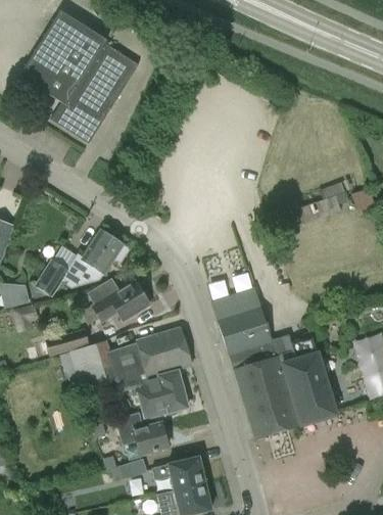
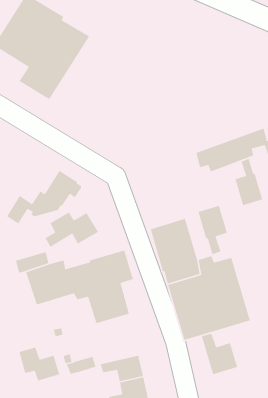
building: none -> [235,158,263,206]
building: none -> [197,205,228,255]
building: [117,412,169,455] -> [19,347,60,381]
building: none -> [201,333,238,375]

